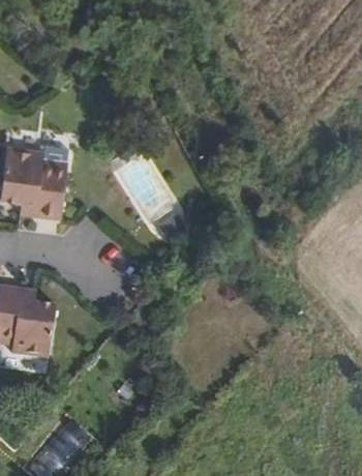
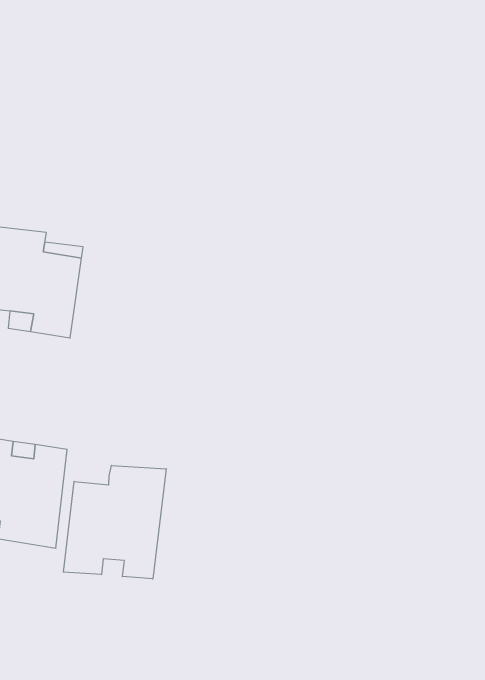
building: none -> [63,465,166,579]

